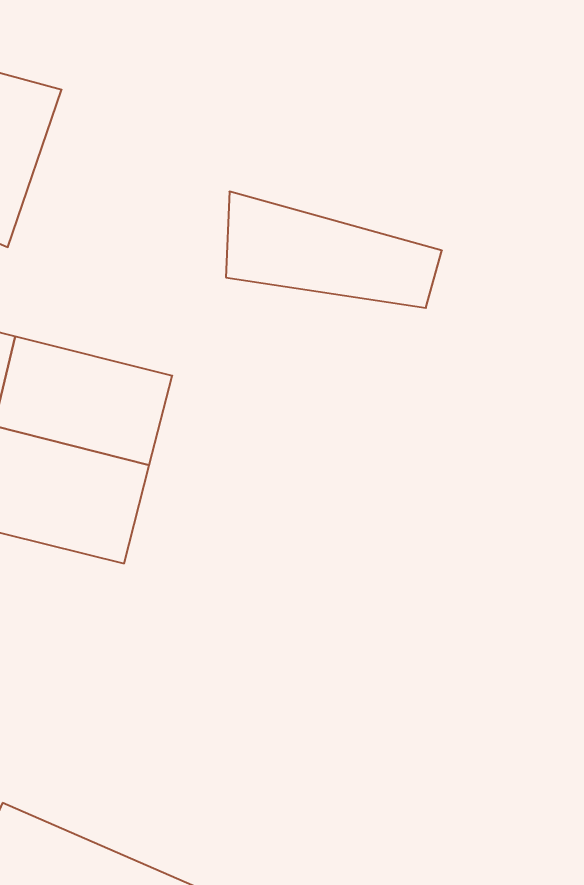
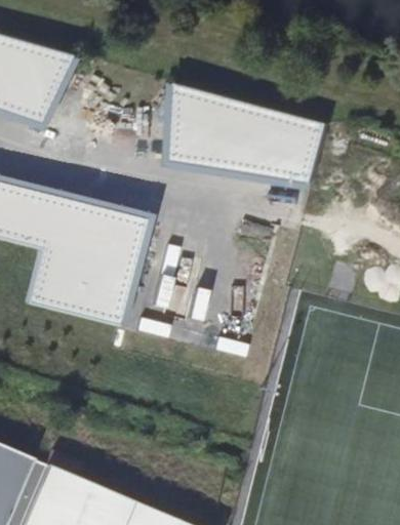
building: none -> [172,80,325,181]

